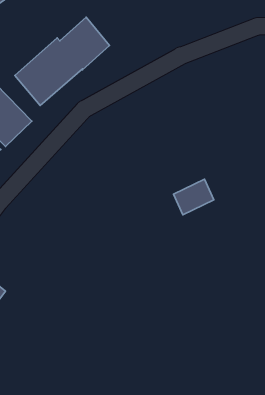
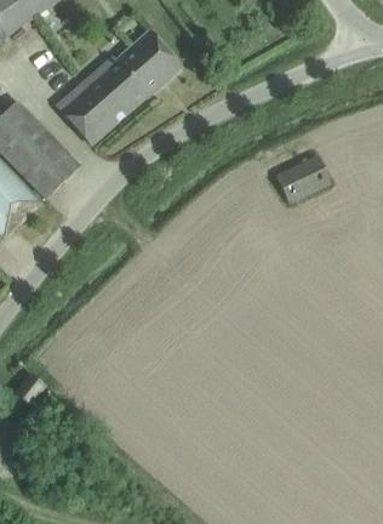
building: [173,179,214,215] -> [276,155,328,201]

